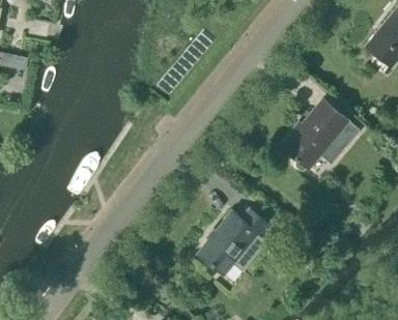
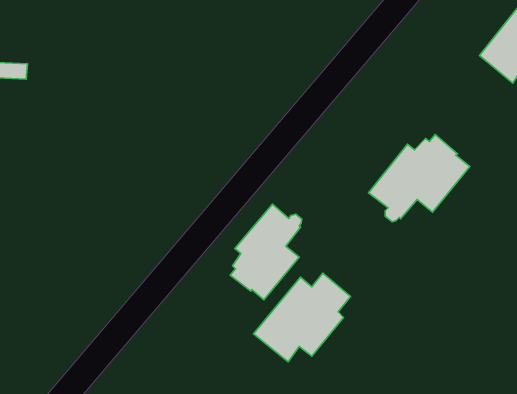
building: none -> [230,204,302,300]

